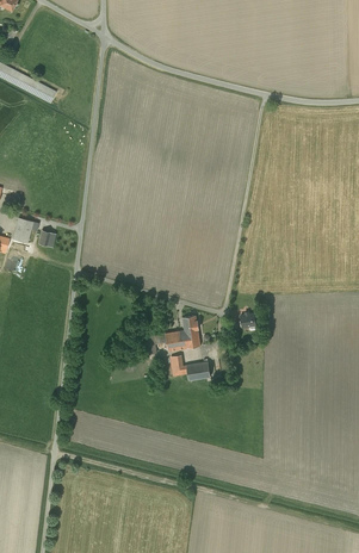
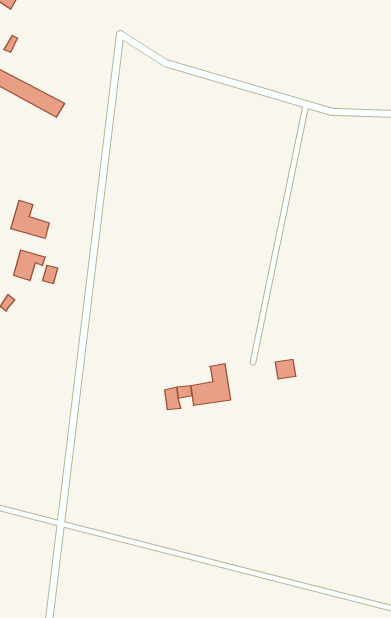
building: none -> [11,200,49,238]
building: [172,355,211,380] -> none

